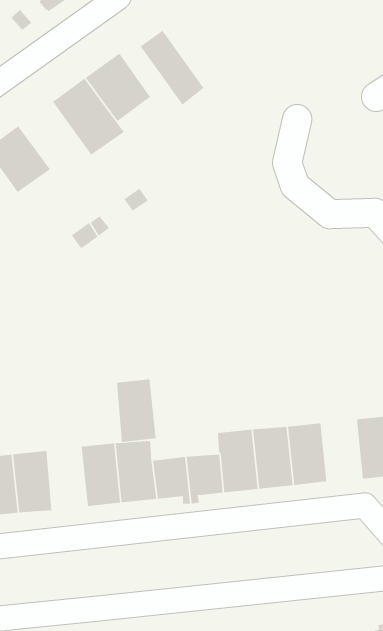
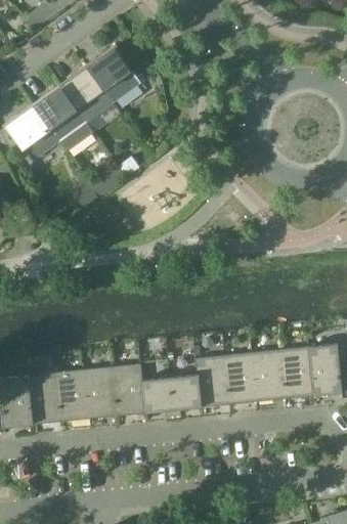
building: [140,30,204,105] -> none
building: none -> [32,86,91,149]
building: [116,379,156,442] -> [55,368,88,421]
building: none -> [279,346,313,397]

